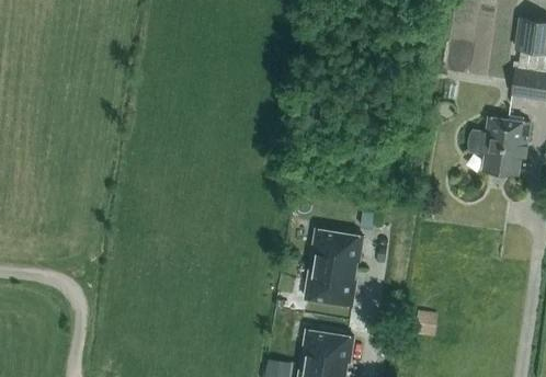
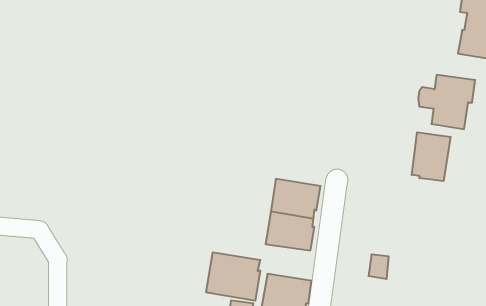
building: none -> [412,132,450,181]
building: none -> [206,252,260,301]

